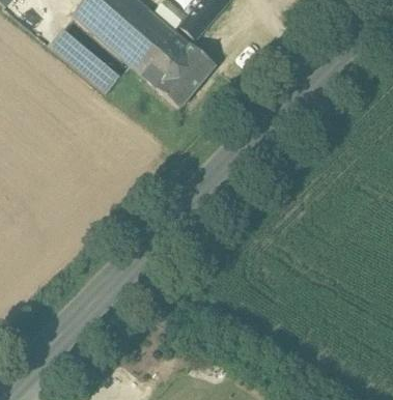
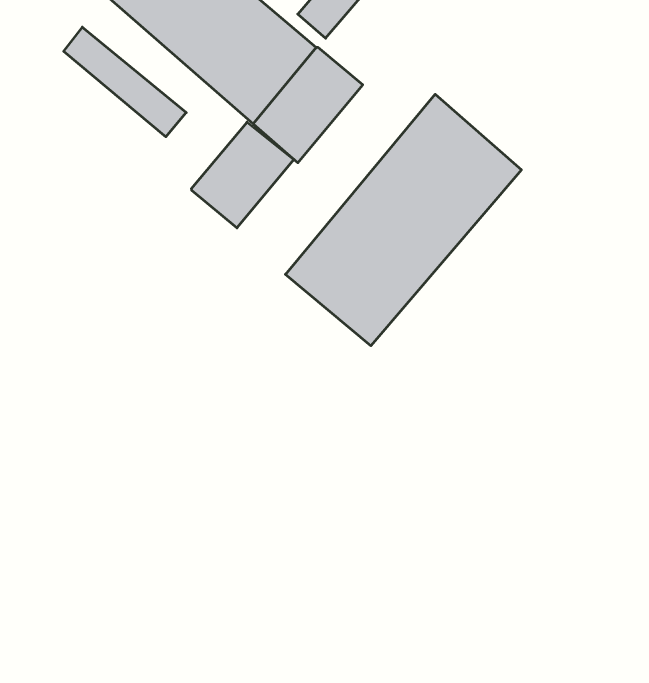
building: none -> [285,94,521,346]
building: none -> [191,122,294,228]

